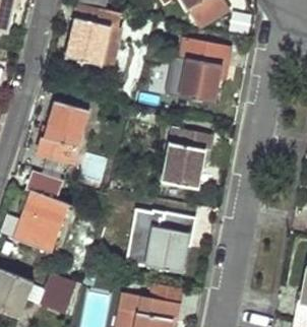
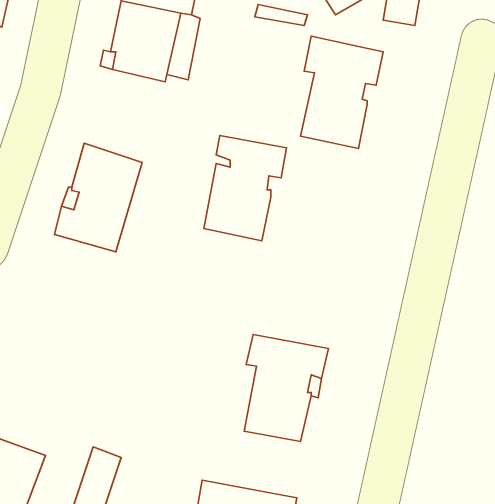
building: [164,126,211,187] -> [204,136,286,241]
building: [13,170,67,251] -> none

